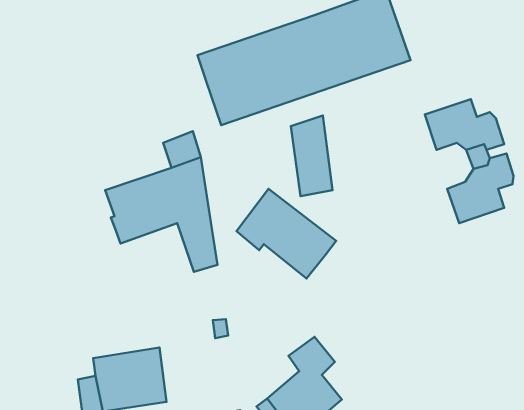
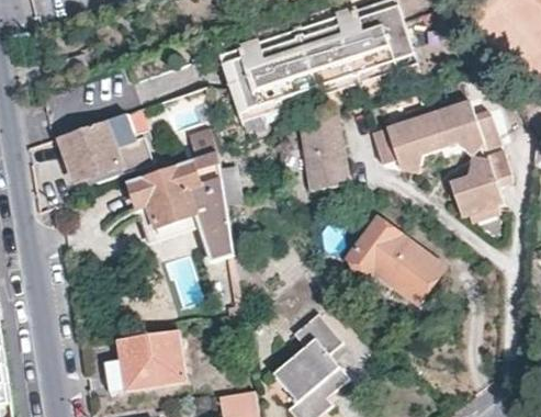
building: none -> [368,112,438,167]
building: none -> [61,116,151,181]
building: [237,189,336,279] -> [350,217,442,301]

